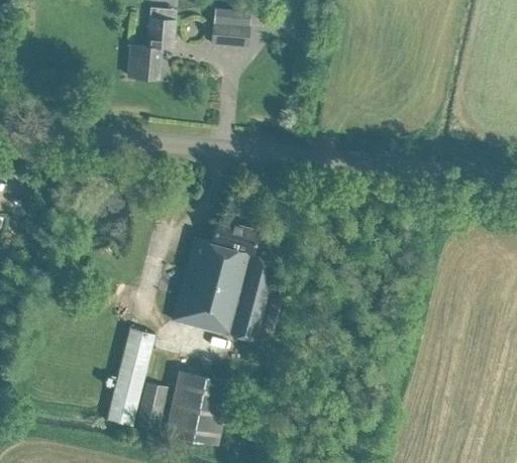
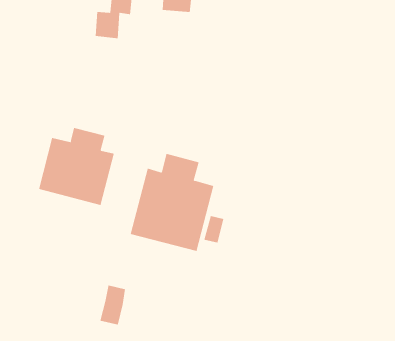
building: none -> [38,127,114,206]
building: [106,329,154,427] -> none
building: [166,369,231,445] -> none

